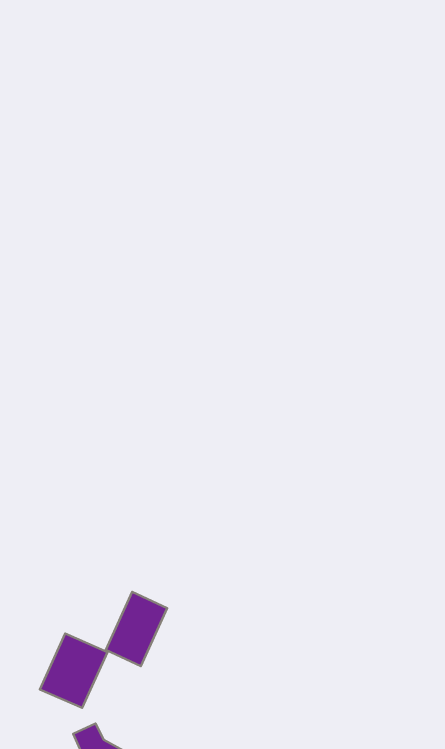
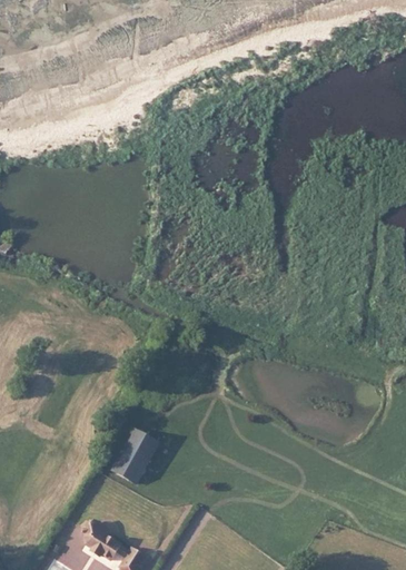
building: [40,634,107,708] -> none

